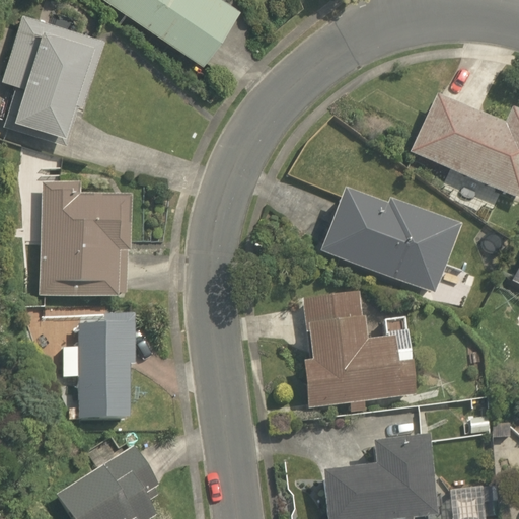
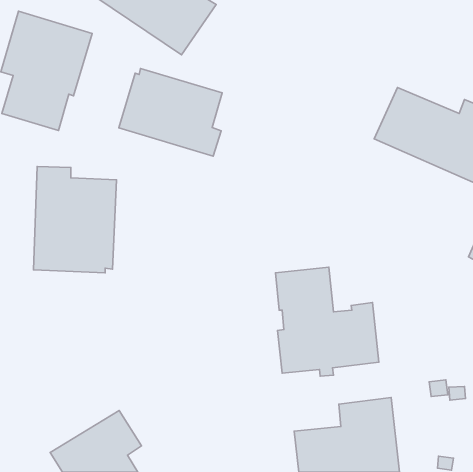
building: none -> [119,69,222,156]
building: [319,189,458,293] -> none
building: [63,314,134,418] -> none

